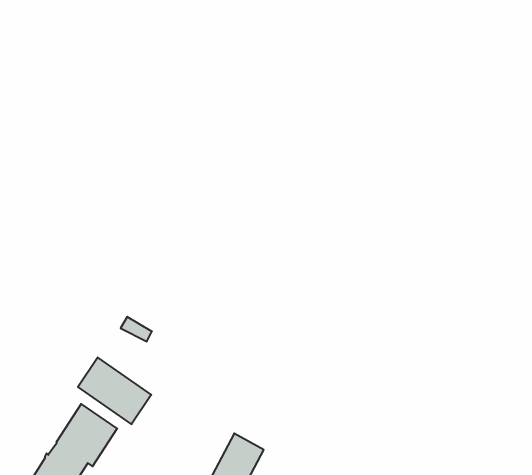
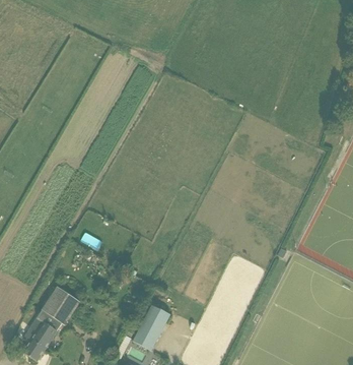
building: [78,357,151,424] -> none

